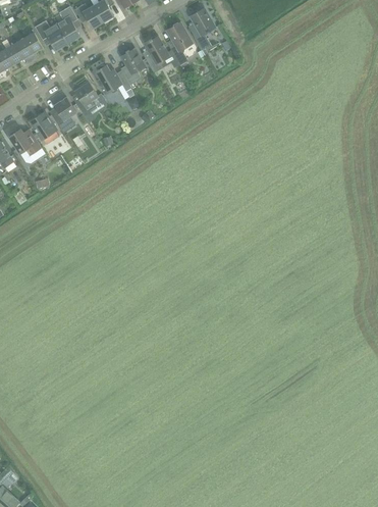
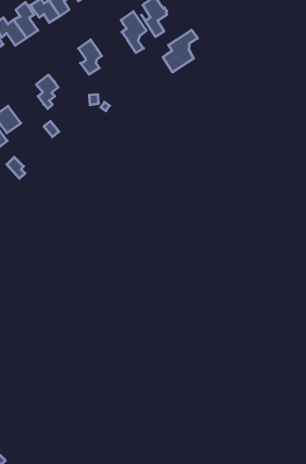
building: [142,37,169,73] -> none
building: none -> [163,30,198,72]
building: [92,65,130,95] -> none
building: [48,97,75,134] -> none

